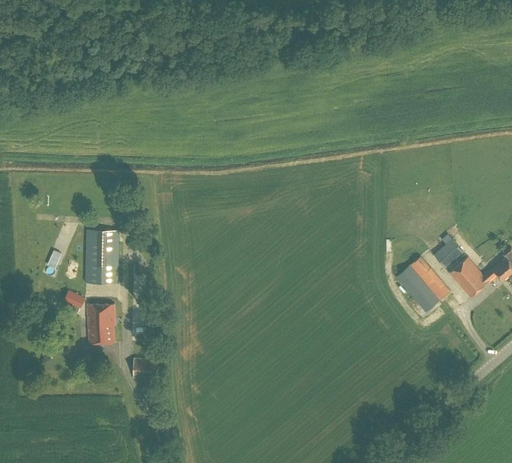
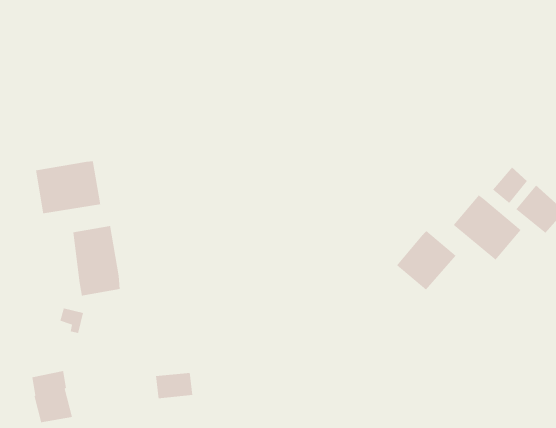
building: none -> [35,161,101,214]
building: none -> [396,230,456,291]
building: [86,304,115,343] -> [32,371,73,423]

